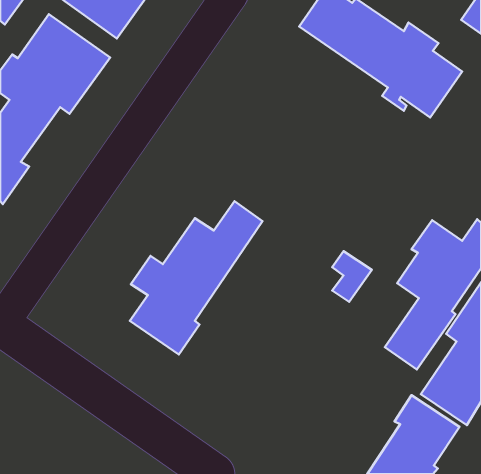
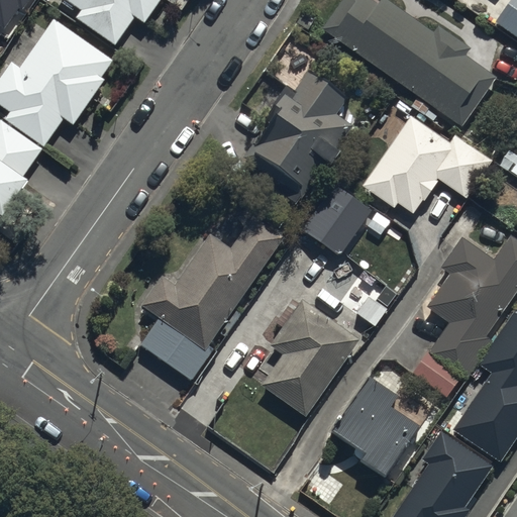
building: none -> [243,69,353,201]
building: none -> [361,114,495,213]
building: none -> [302,184,372,256]
building: none -> [258,296,359,417]
building: none -> [331,377,420,481]

